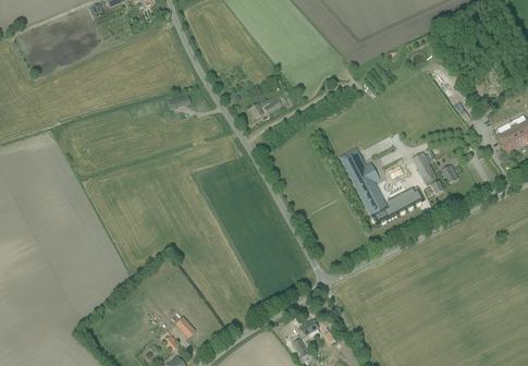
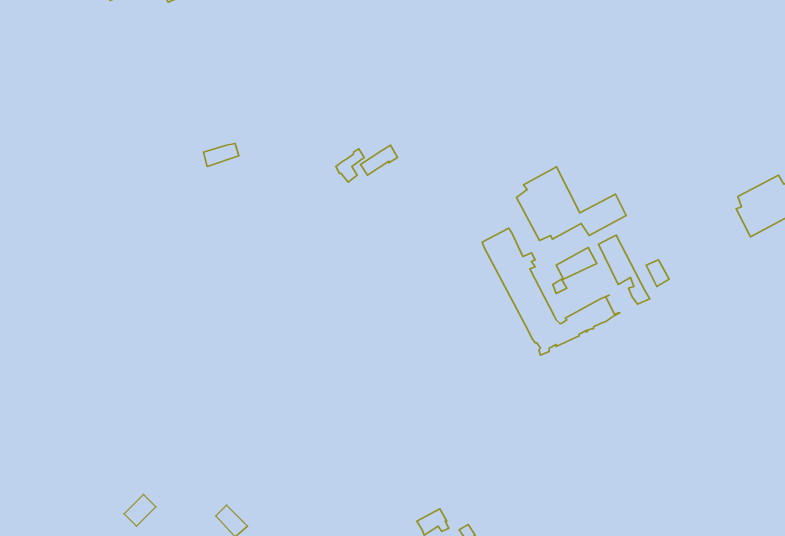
building: none -> [517,167,626,241]

